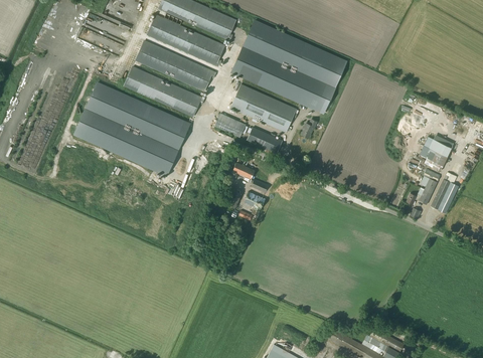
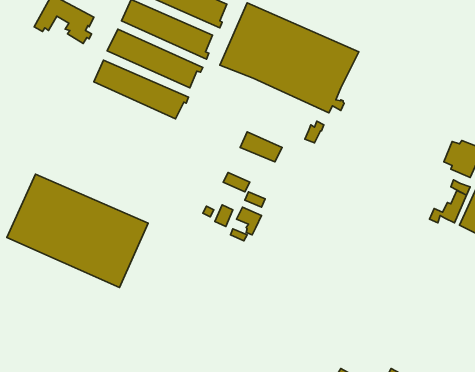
building: [73,81,192,177] -> [7,174,148,288]
building: [230,84,297,132] -> none
building: [214,114,245,138] -> none

